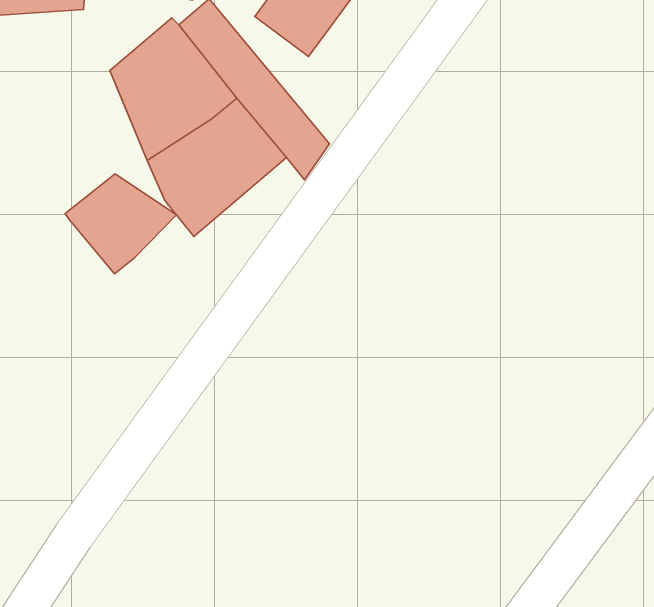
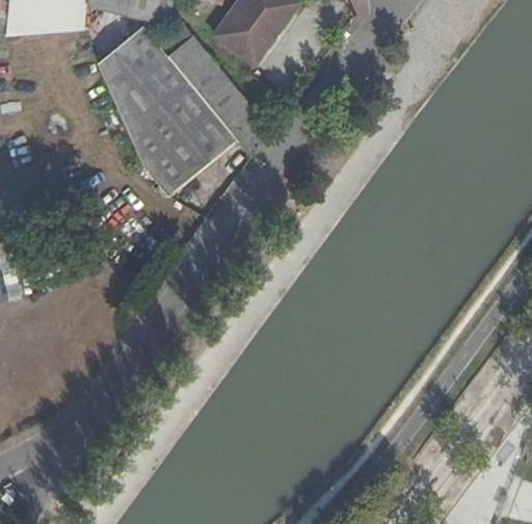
building: [65,174,177,274] -> none

